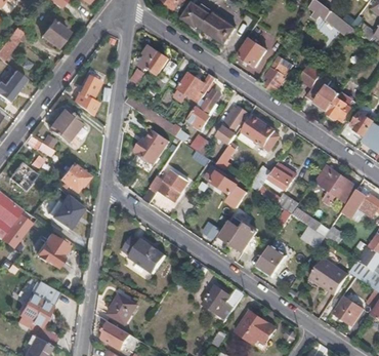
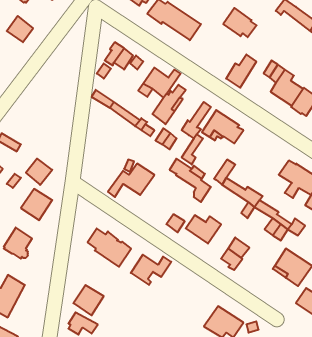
building: [239,38,272,68] -> [223,8,257,37]
building: [73,76,98,116] -> none
building: [48,110,81,142] -> none
building: [134,129,170,164] -> none
building: [269,162,297,189] -> none
building: [204,284,245,315] -> [131,255,171,285]

